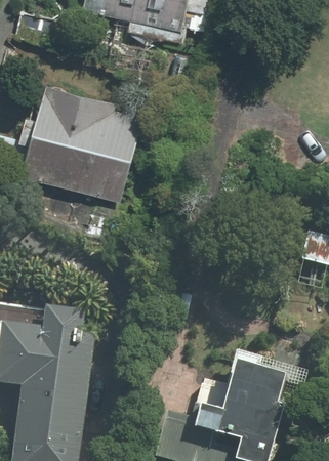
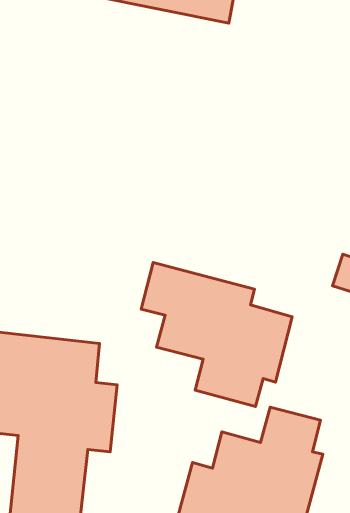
building: [17,84,142,202] -> none
building: none -> [141,262,292,407]

